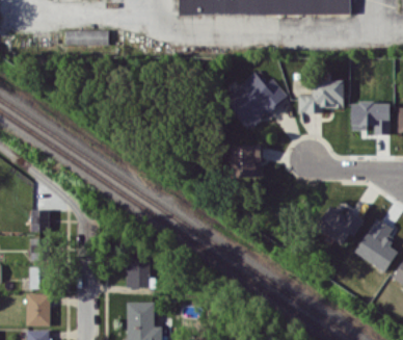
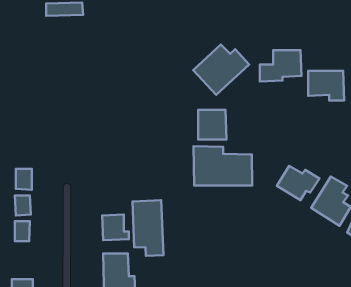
building: none -> [193,146,252,186]
building: none -> [133,200,163,256]
building: [26,293,50,326] -> none

